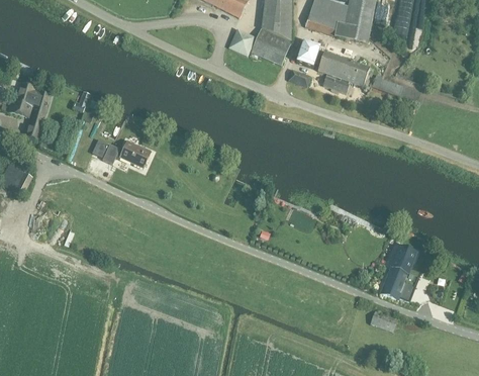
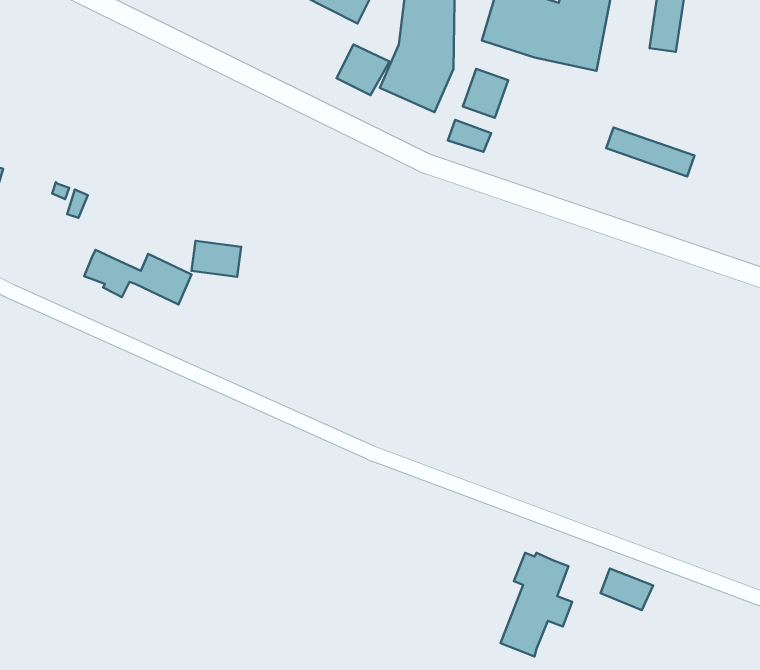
building: [317,51,369,91] -> none
building: none -> [192,241,241,277]
building: [379,244,417,299] -> [501,553,572,657]

